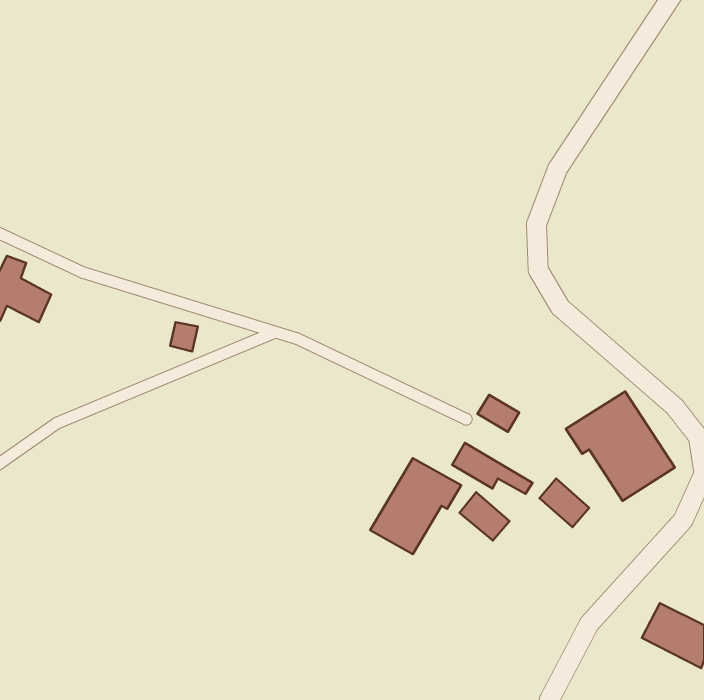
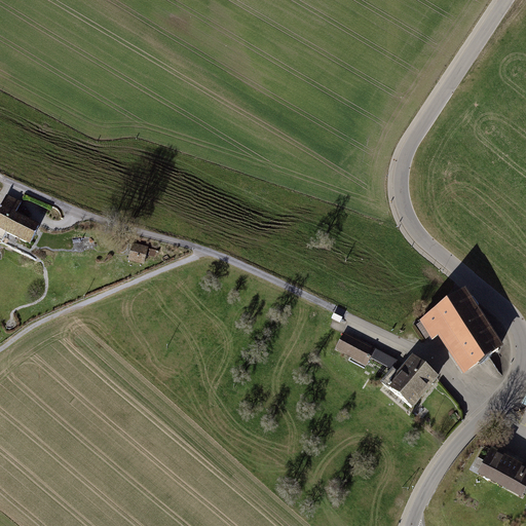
building: [478,395,519,432] -> none
building: [370,458,461,554] -> none
building: [460,492,509,540] -> [388,370,425,406]

